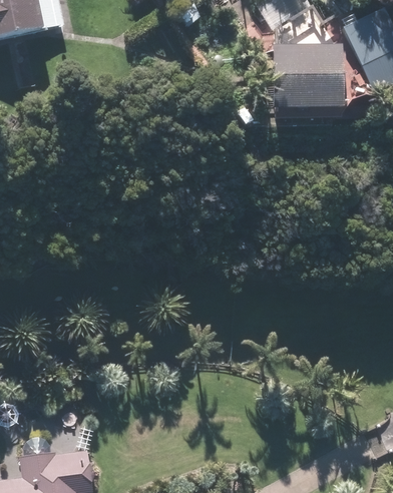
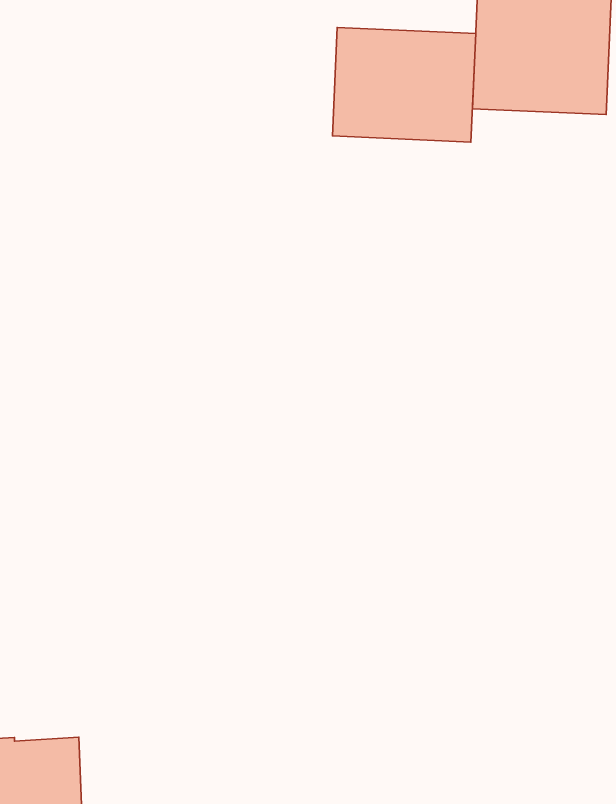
building: none -> [332,27,476,142]

